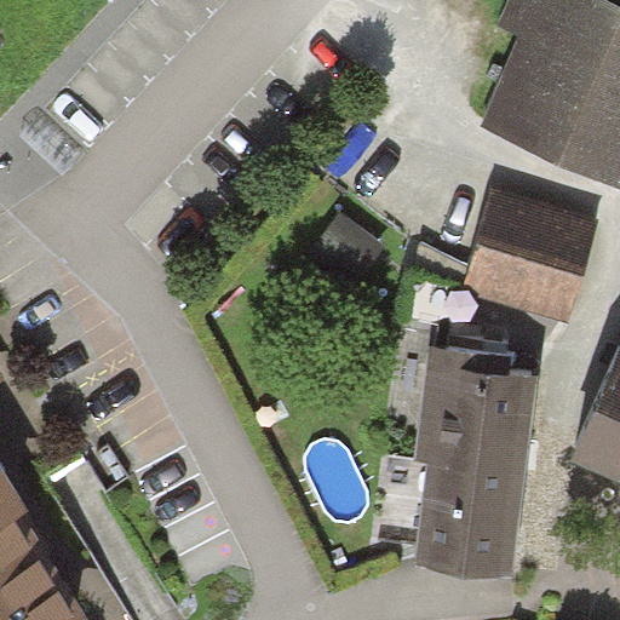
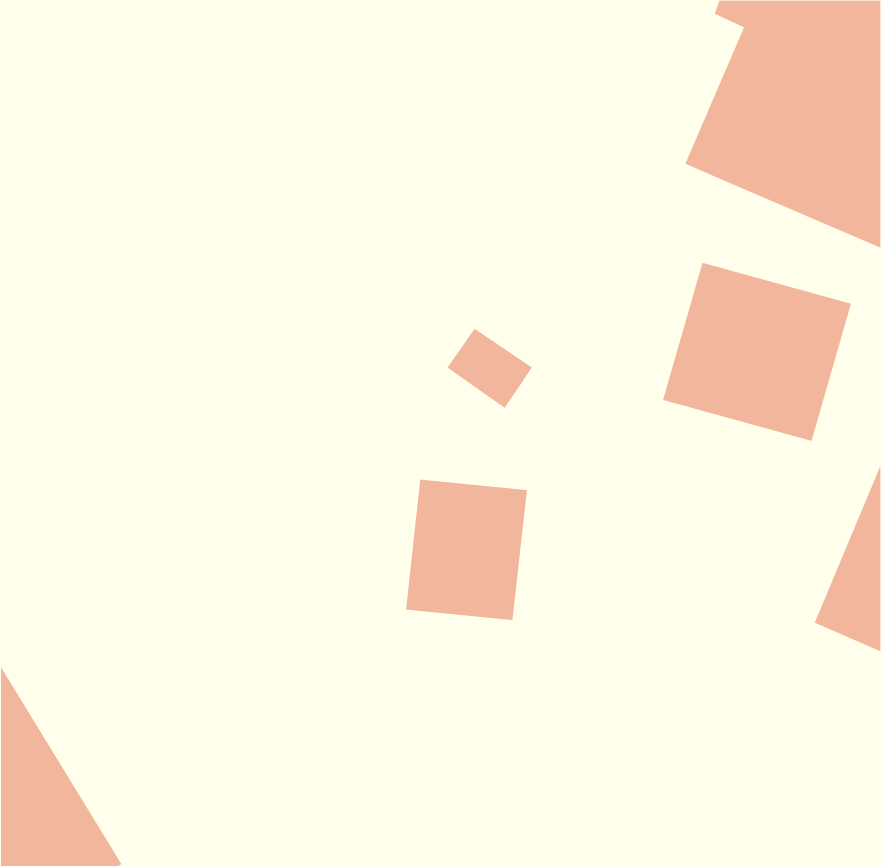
building: [412,346,534,573] -> none
building: none -> [405,479,528,621]

